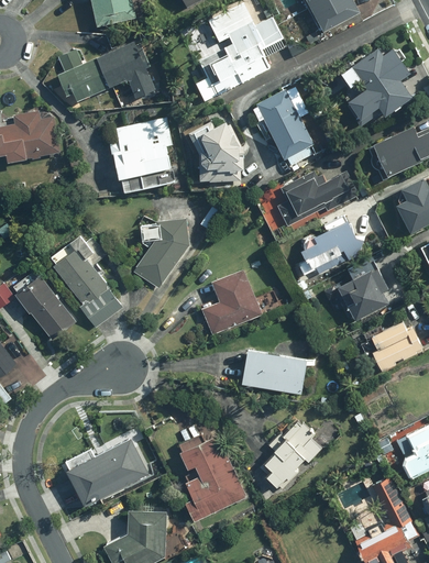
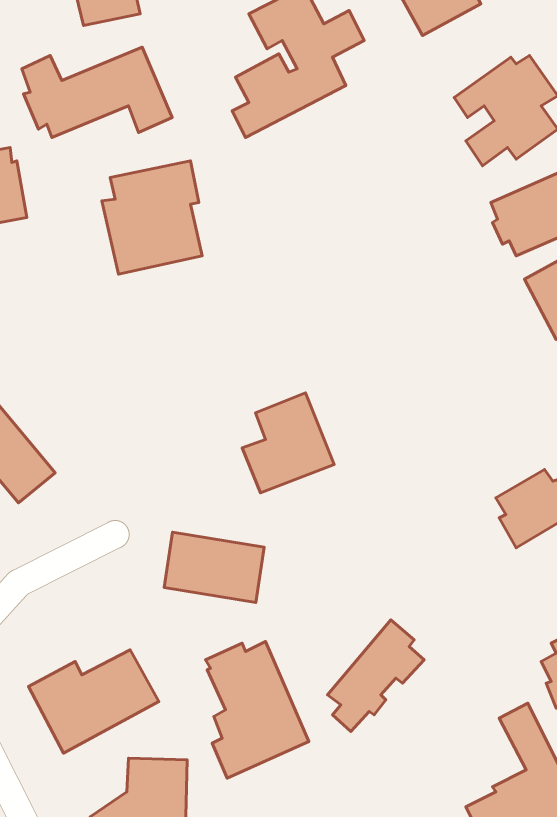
building: [253,86,315,164] -> none
building: [187,118,242,189] -> none
building: [274,169,349,227] -> none
building: [292,214,366,285] -> none
building: [134,219,189,288] -> none
building: [50,236,124,329] -> none
building: [336,261,390,322] -> none
building: [241,347,307,394] -> [164,532,264,602]

